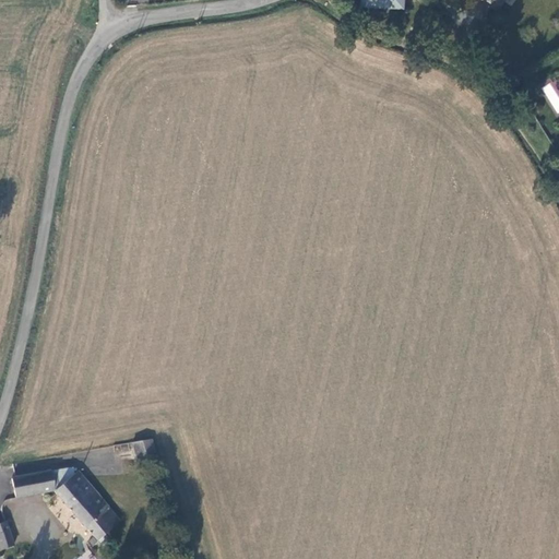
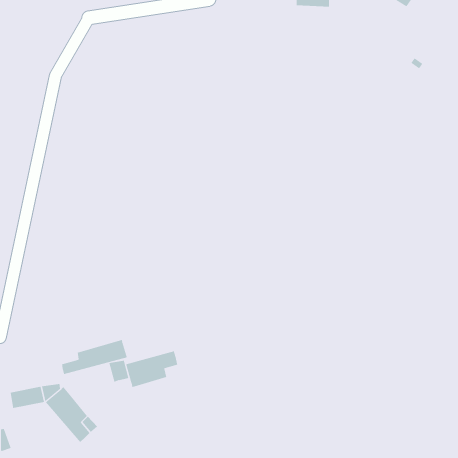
building: none -> [62,339,127,375]
building: none -> [125,351,178,388]

